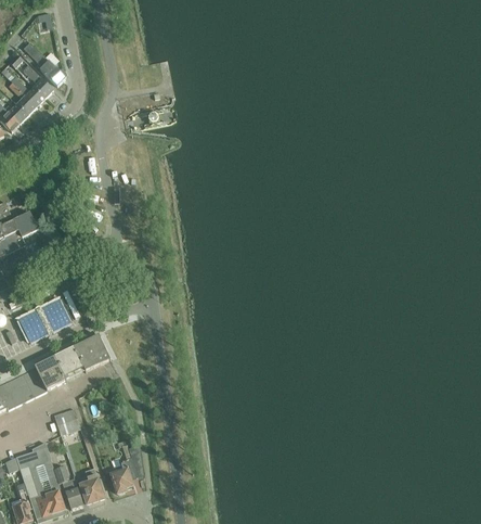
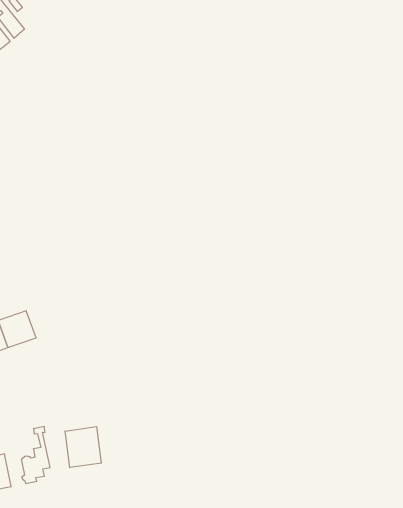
building: none -> [65,427,101,468]

